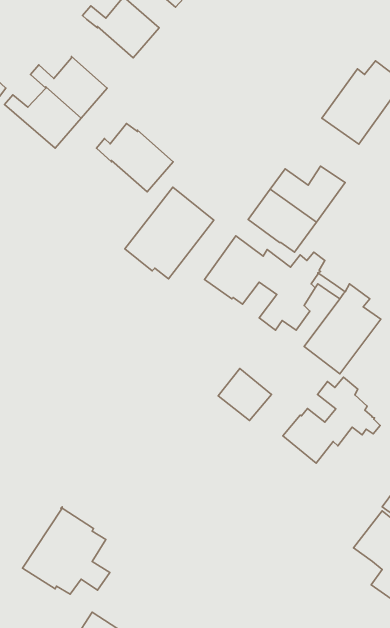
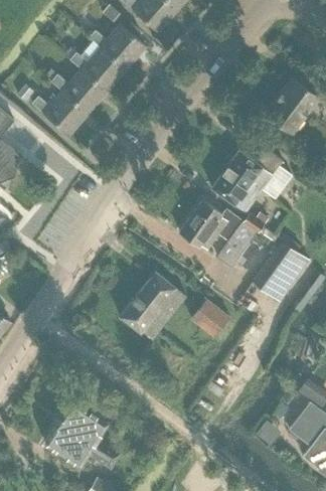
building: [96,123,173,192] -> [70,40,127,91]
building: [125,187,214,279] -> [120,271,185,338]
building: [283,377,380,463] -> none

